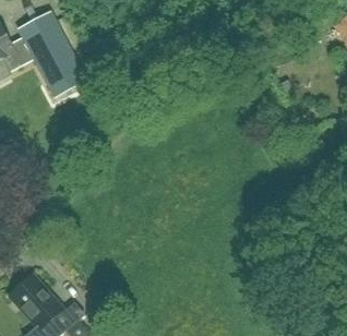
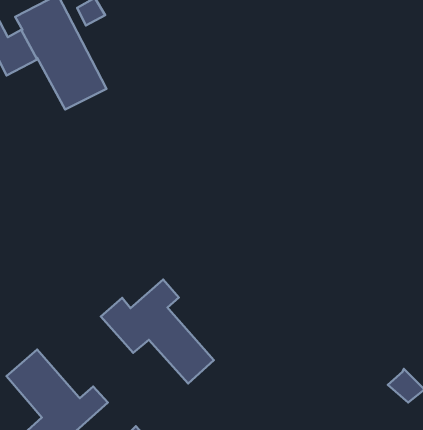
building: none -> [101,280,214,383]

